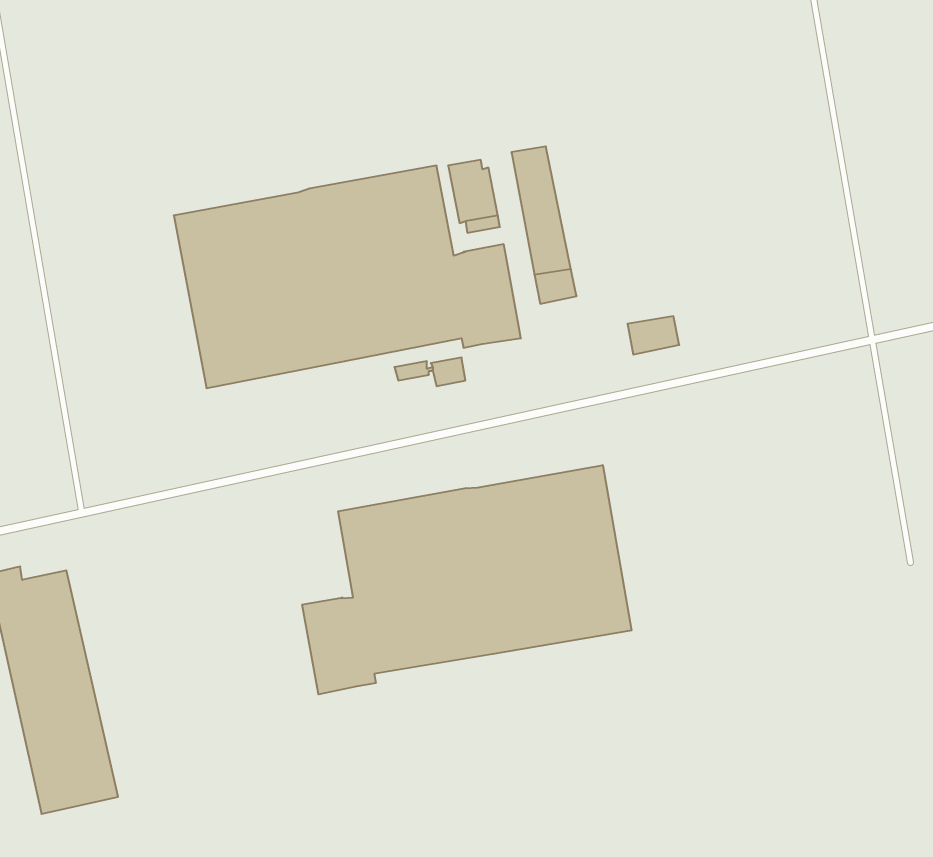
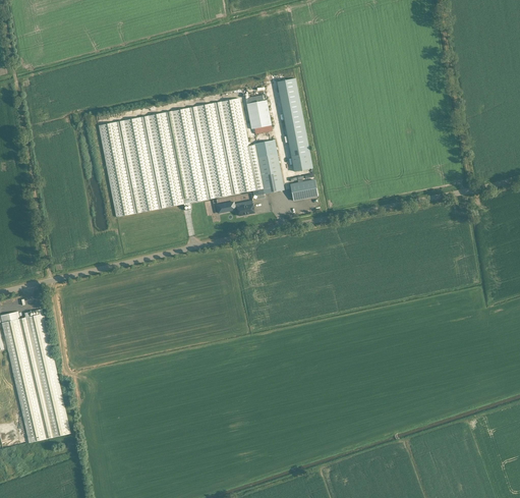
building: [627,316,679,355] -> [289,179,316,200]
building: [302,465,632,694] -> none

